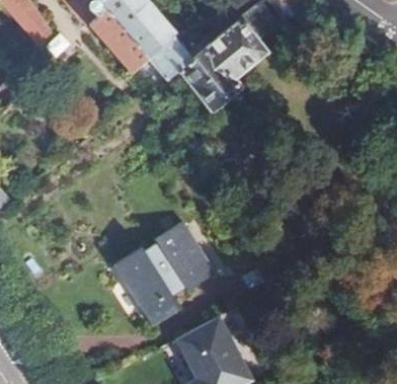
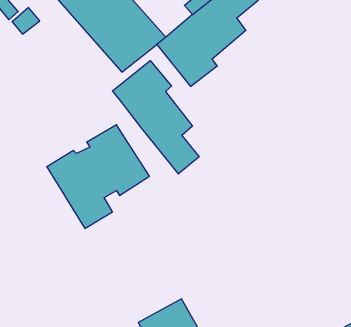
building: none -> [112,61,199,174]
building: [116,224,218,326] -> [47,125,149,228]

